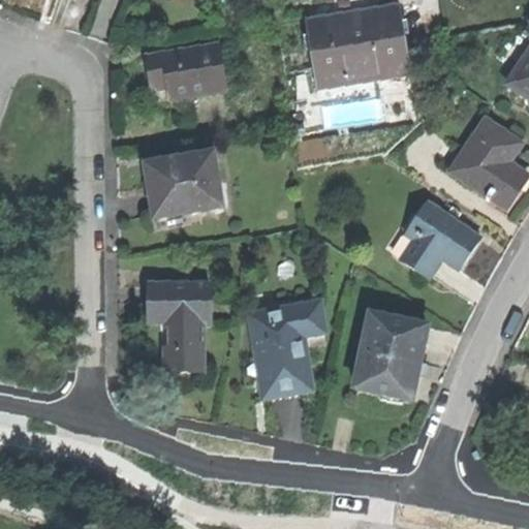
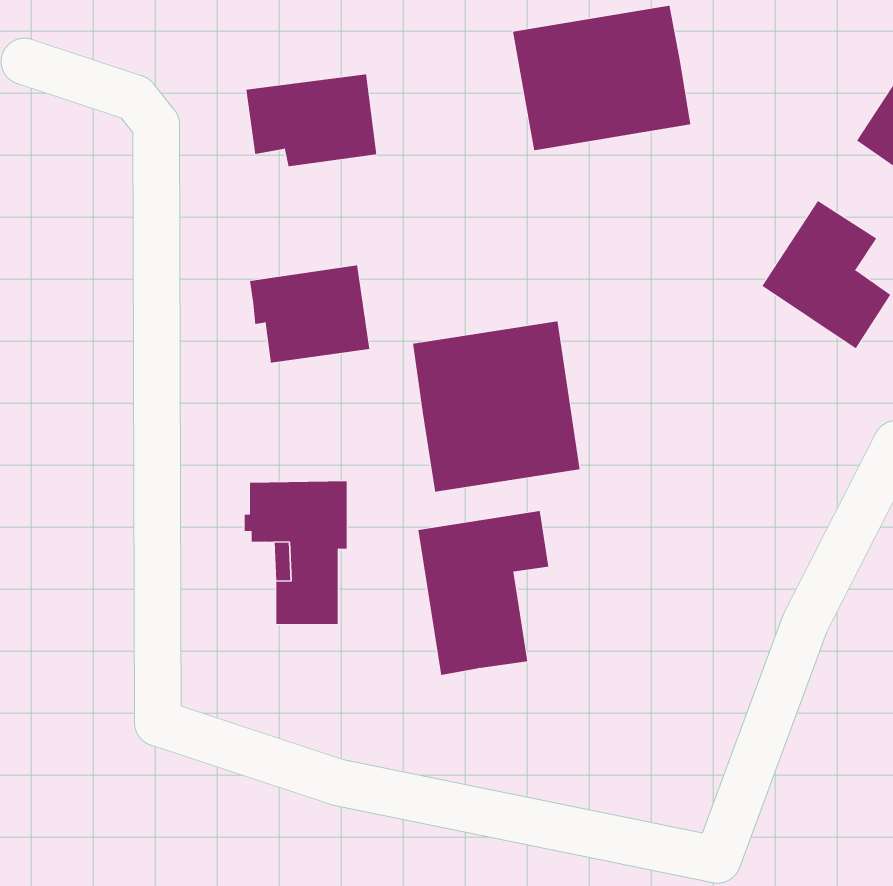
building: none -> [412,320,580,493]
building: [392,200,480,279] -> none
building: [352,313,426,399] -> none

